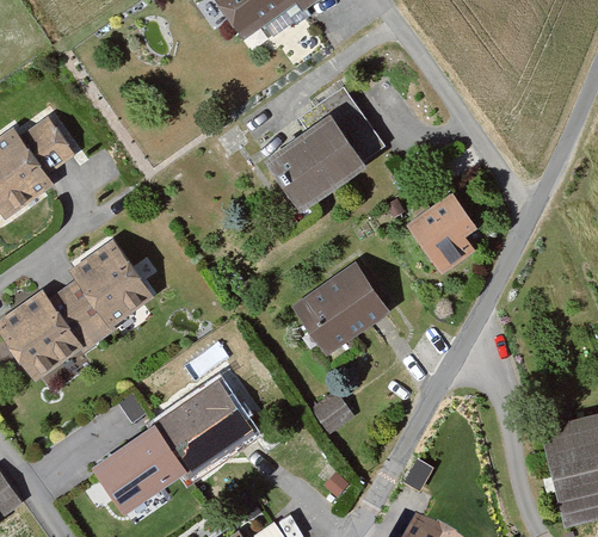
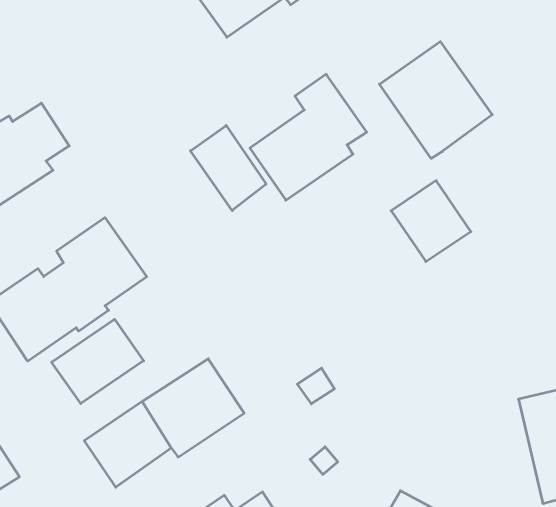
building: none -> [379,42,492,158]
building: none -> [190,125,266,211]
building: [291,263,392,359] -> none
building: none -> [52,319,144,404]

